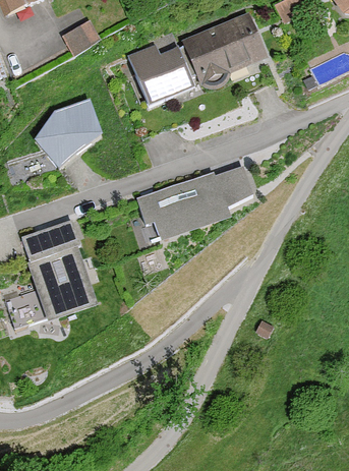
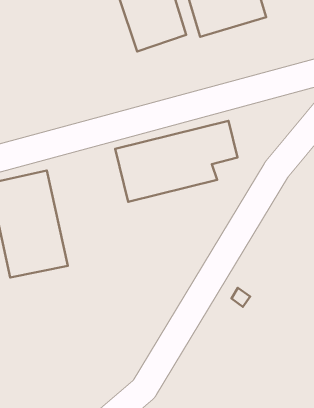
building: [34,97,100,166] -> none

